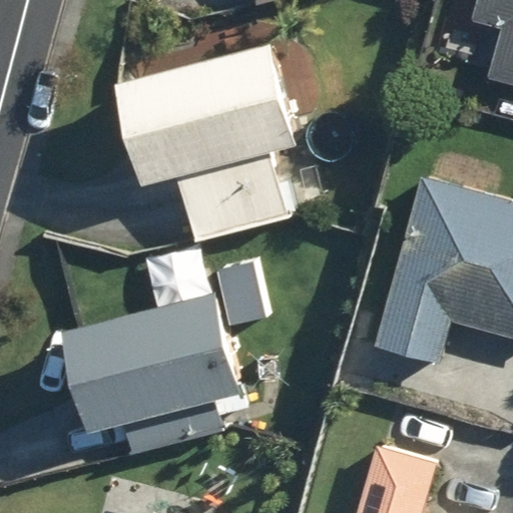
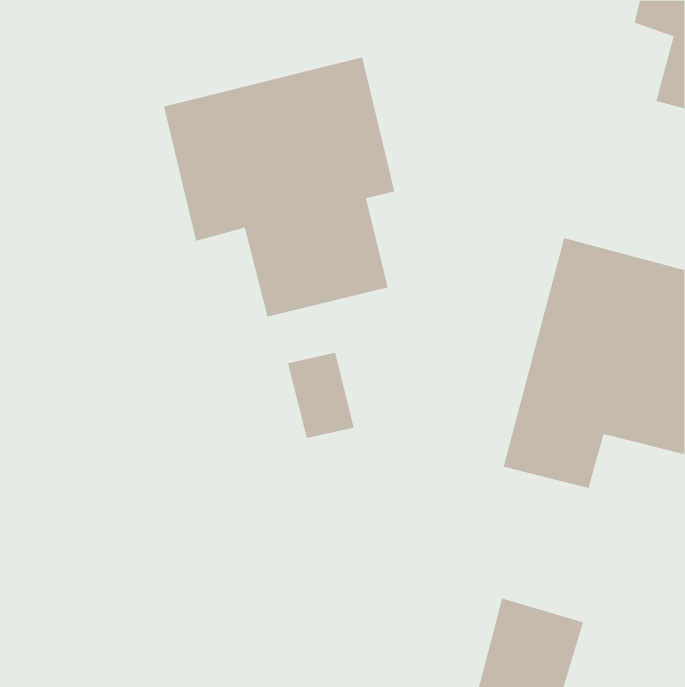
building: [65,294,238,451] -> none

